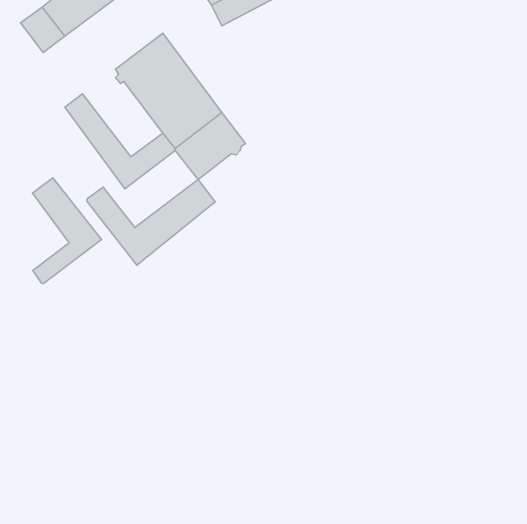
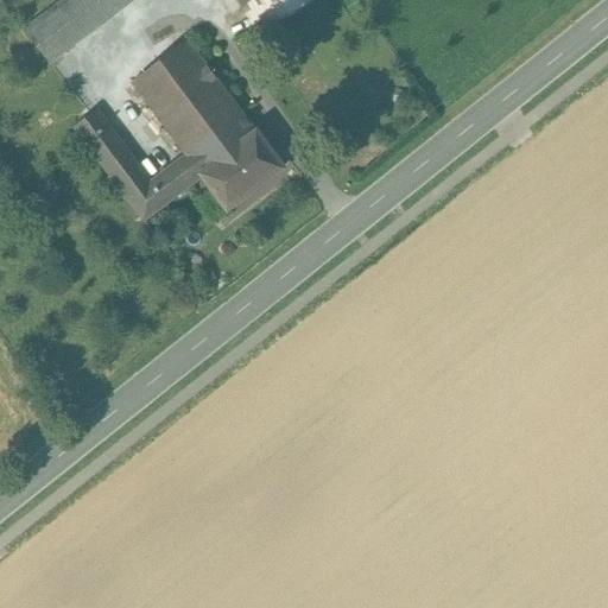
building: [33,178,101,283] -> none
building: [87,179,215,265] -> none

